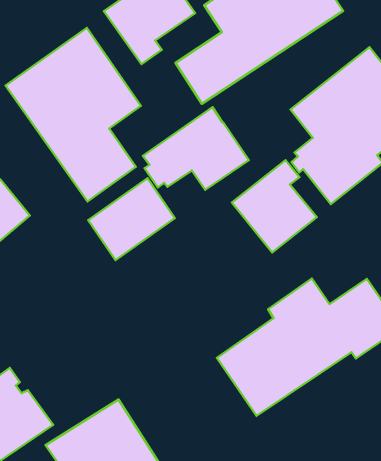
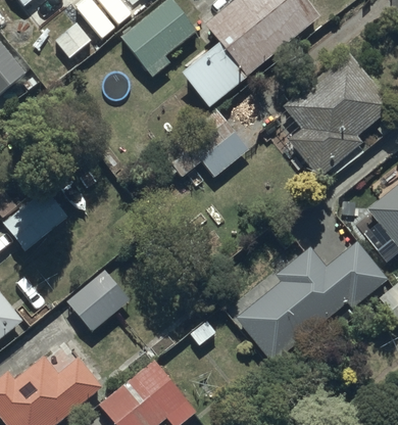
building: [6,28,141,202] -> none
building: [232,160,317,253] -> none
building: [88,178,175,260] -> [64,263,137,333]

